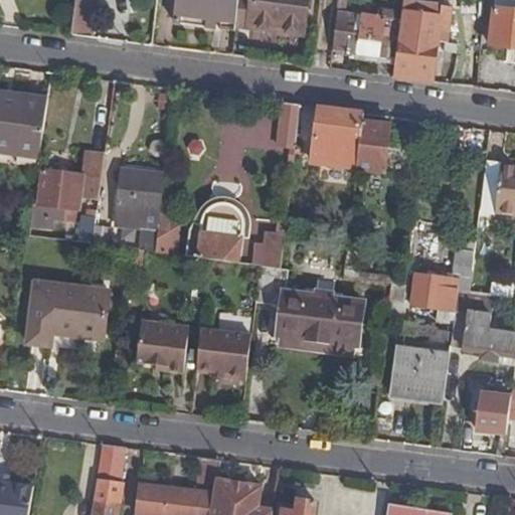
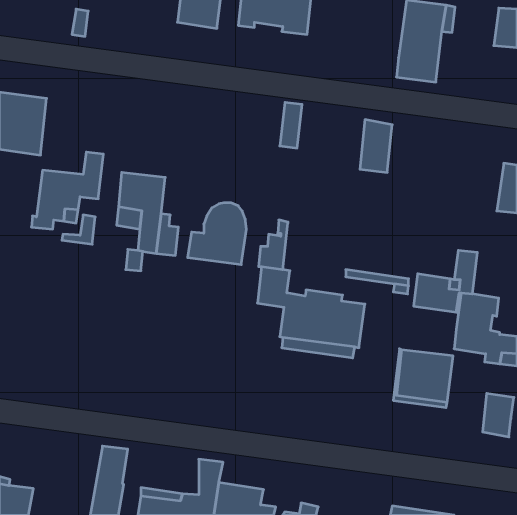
building: [332,13,399,57] -> none
building: [310,106,362,168] -> none
building: [27,282,109,345] -> none
building: [137,319,188,371] -> none
building: [195,329,250,379] -> none

